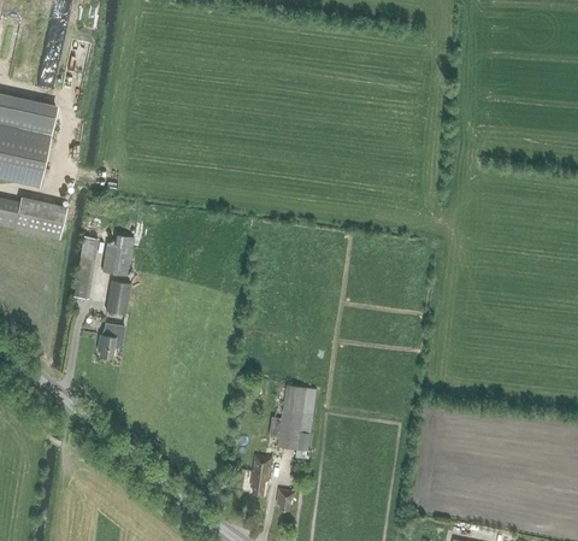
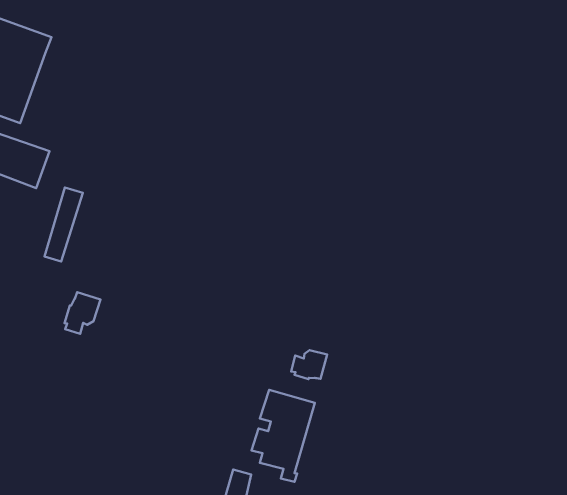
building: [102,234,134,276] -> none
building: [106,280,128,313] -> none
building: none -> [291,350,327,379]

